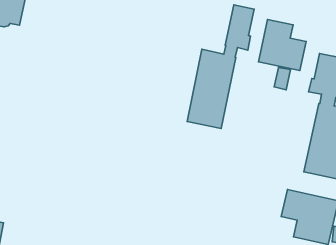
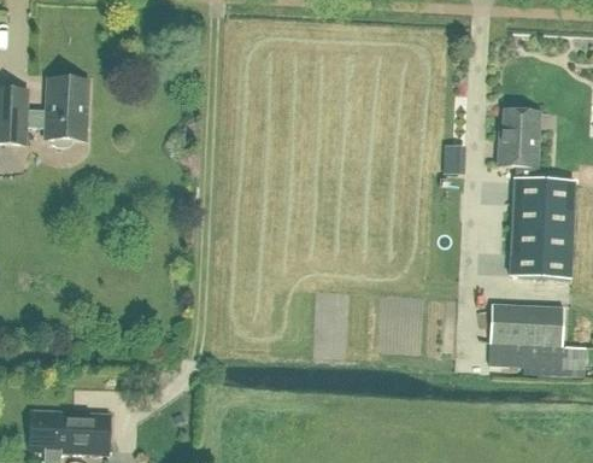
building: [187,5,254,129] -> none
building: [259,20,306,70] -> none

